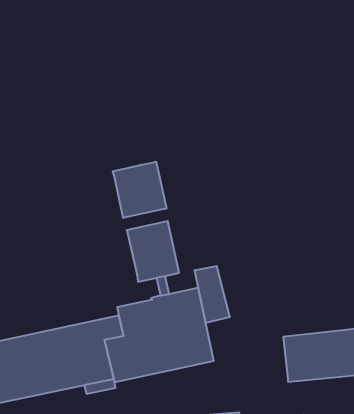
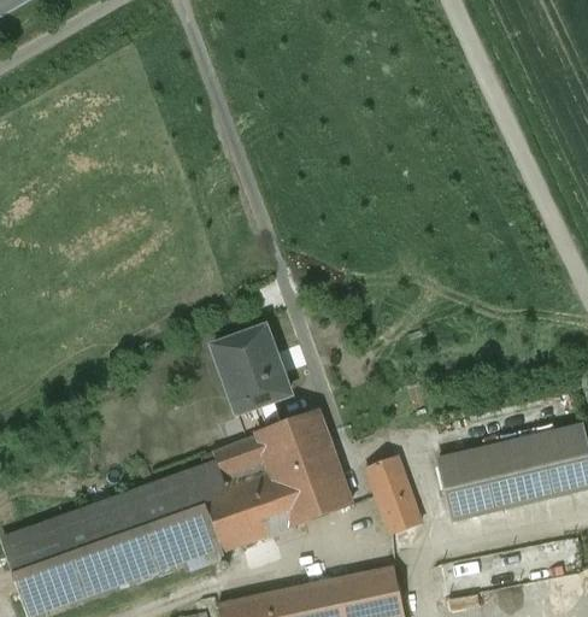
building: [113,162,166,218] -> none
building: [194,266,230,323] -> [366,457,422,534]

